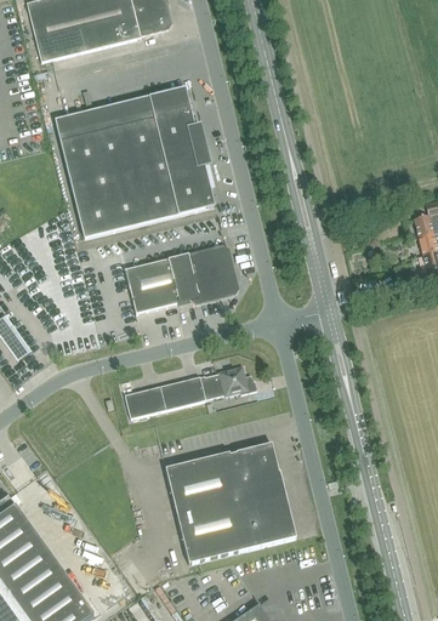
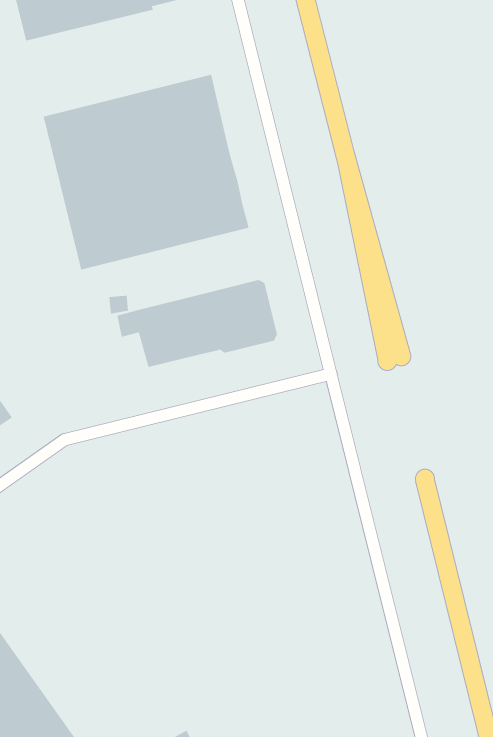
building: [124,365,257,418] -> none
building: [165,443,296,564] -> none

